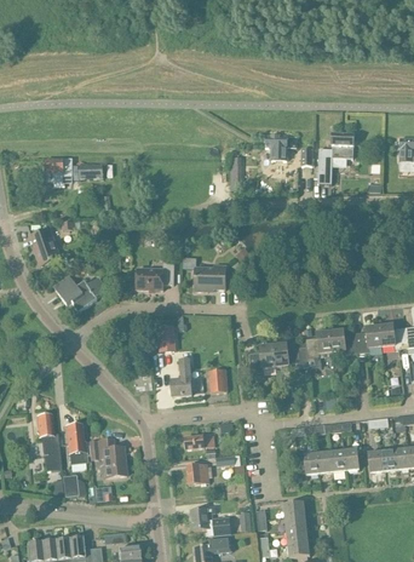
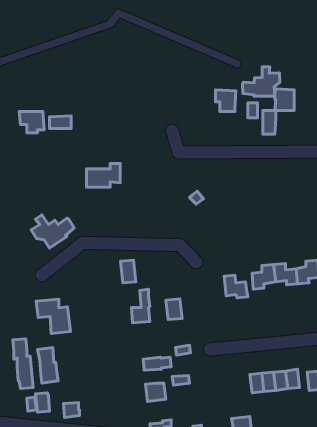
building: none -> [242,67,280,96]
building: [31,228,59,264] -> none
building: [137,262,174,288] -> [87,164,120,187]
building: [195,264,226,289] -> none
building: [249,343,277,372] -> none
building: [88,437,127,476] -> [36,299,71,334]

